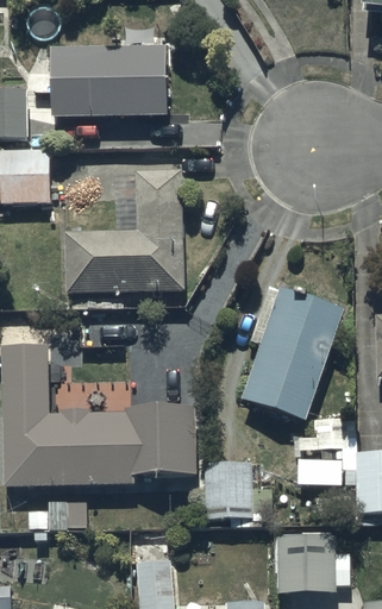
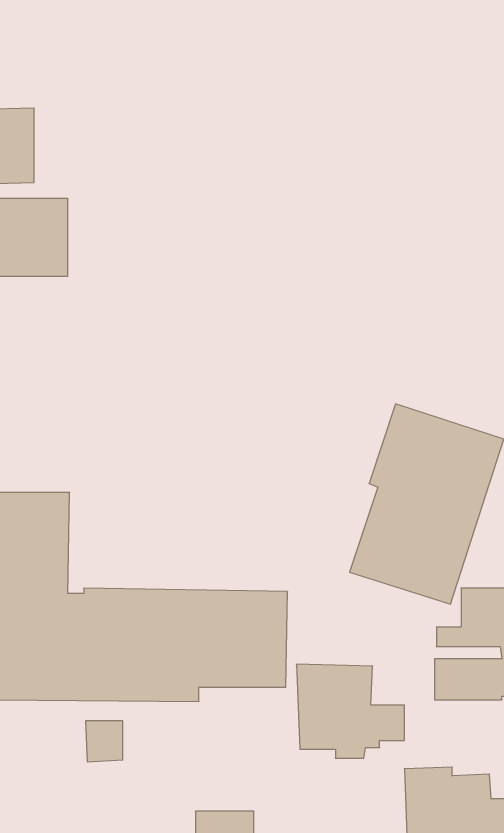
building: [49,46,168,119] -> none
building: [65,170,183,294] -> none

